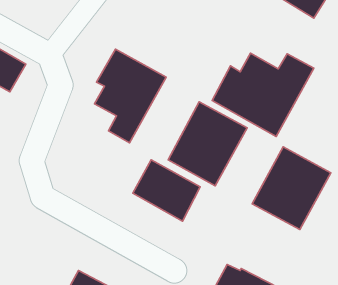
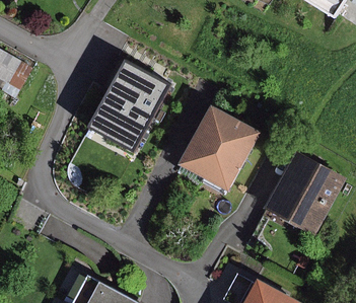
building: [212,53,314,136] -> none
building: [133,160,200,221] -> none

